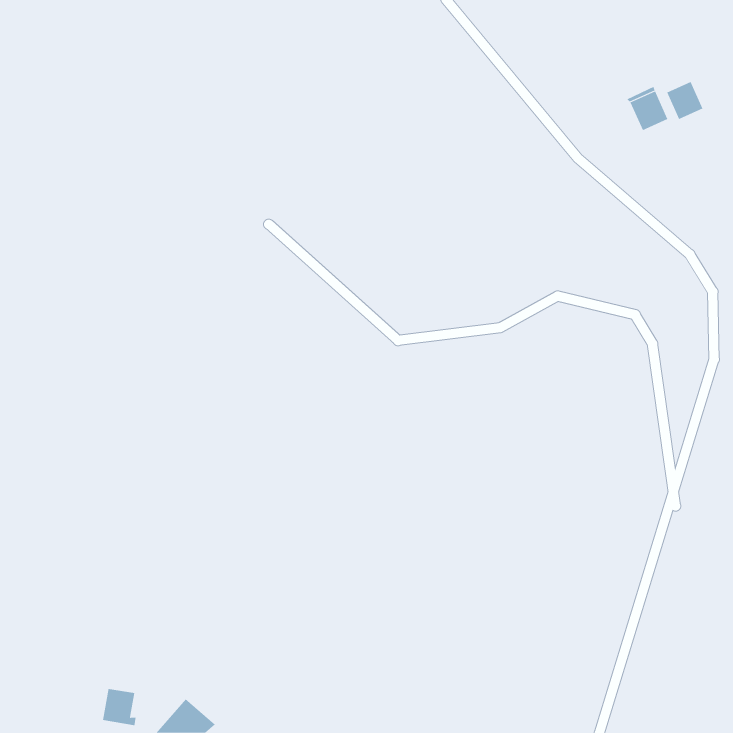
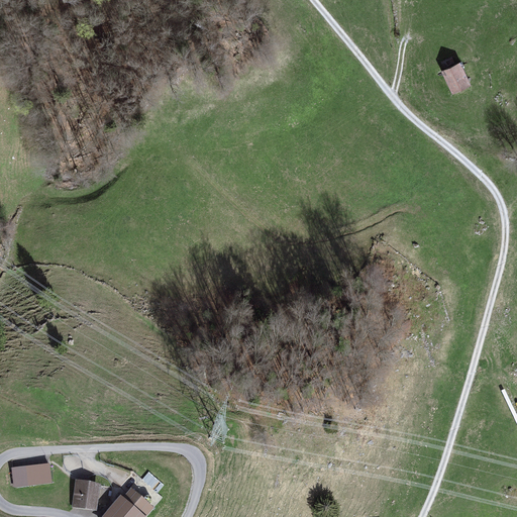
building: [667,81,703,120] -> none
building: none -> [12,464,50,487]

